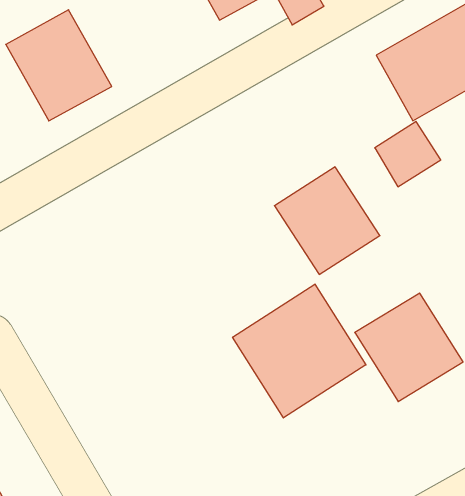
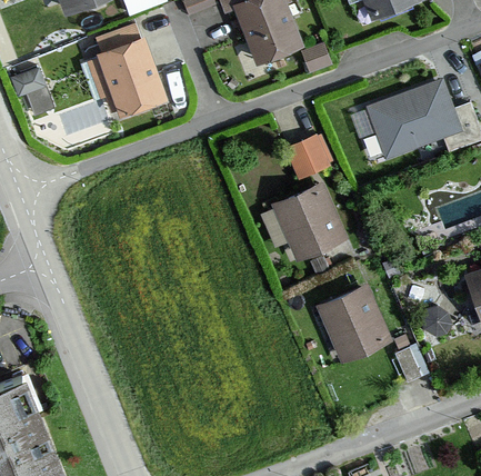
building: [375,121,441,187] -> [283,135,330,180]
building: [233,284,366,418] -> none

